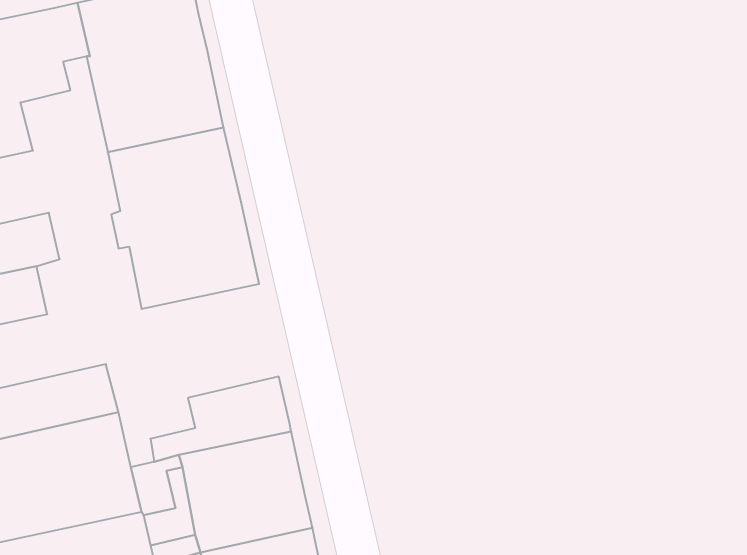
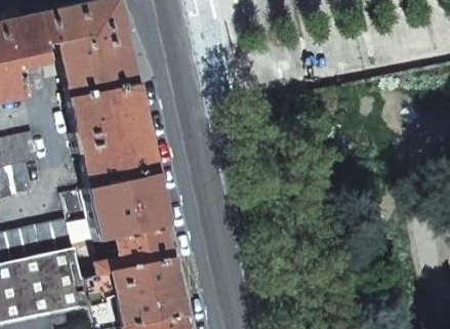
building: none -> [84,172,168,242]

